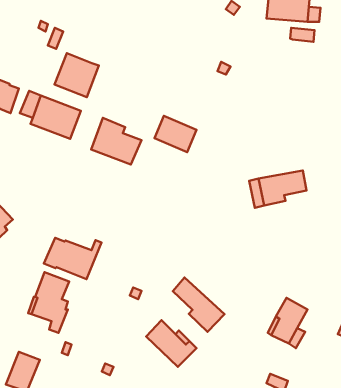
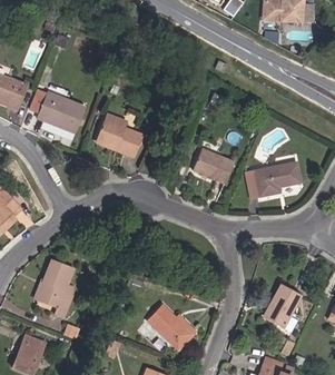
building: [55,53,99,97] -> none
building: [155,116,197,152] -> [193,148,233,182]
building: [44,238,101,279] -> none
building: [173,277,225,332] -> none

